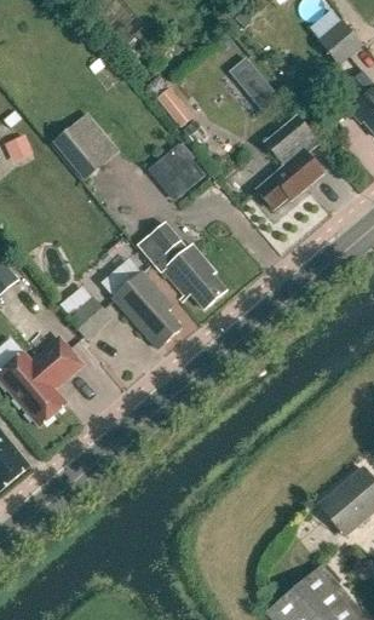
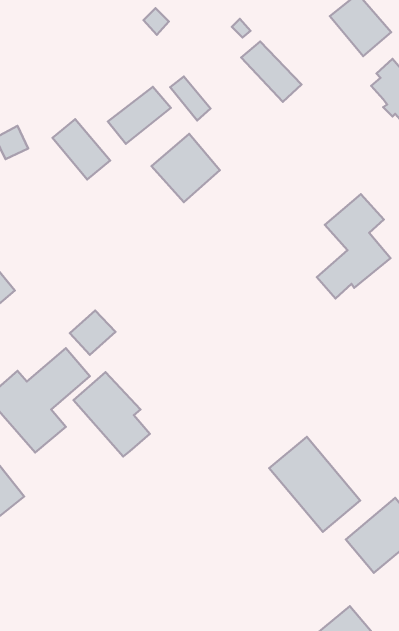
building: none -> [108,87,171,144]
building: [257,115,323,209] -> [317,194,390,298]
building: [138,220,225,309] -> none
building: [113,272,182,349] -> [73,372,150,456]
building: none -> [269,437,360,532]

